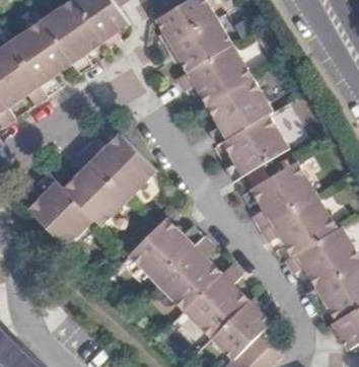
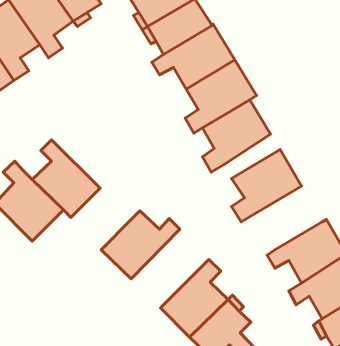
building: [81,134,155,197] -> none
building: [260,195,336,254] -> none
building: [156,235,220,309] -> none

